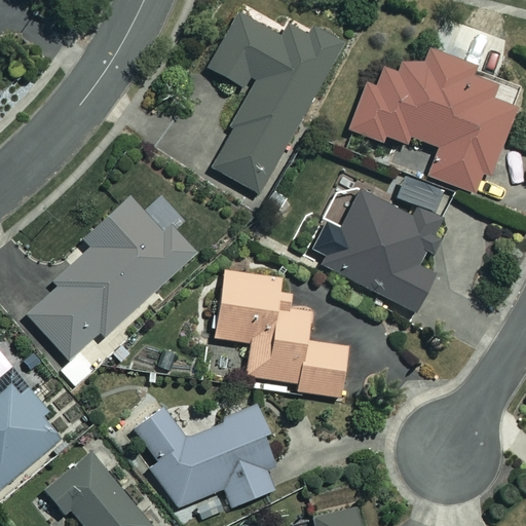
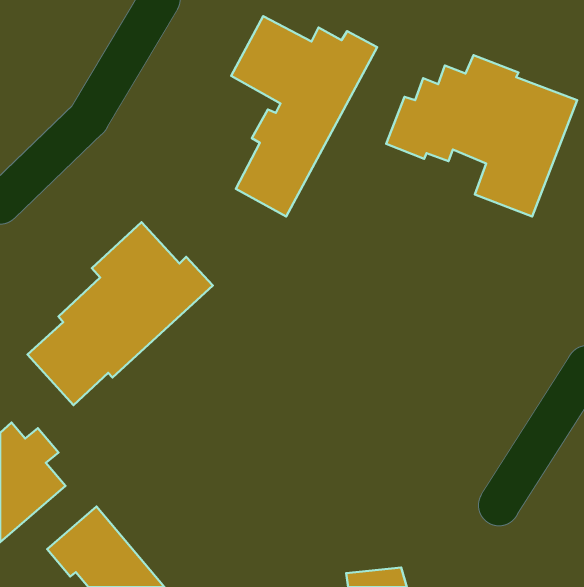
building: [311,158,442,316] -> none
building: [215,270,347,397] -> none
building: [135,404,284,511] -> none

